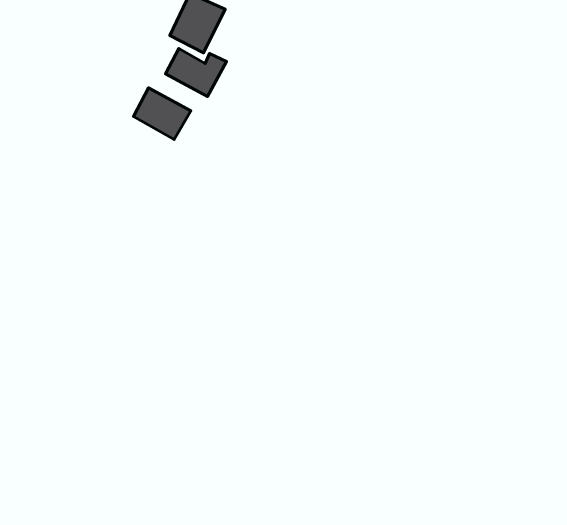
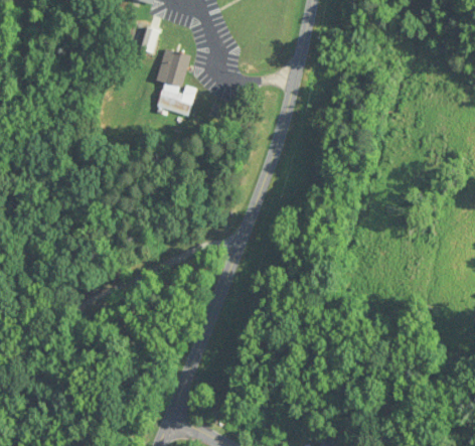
building: [133,88,191,139] -> none

